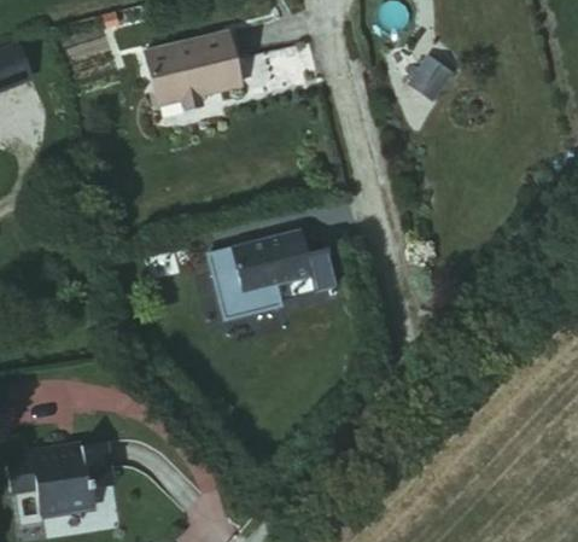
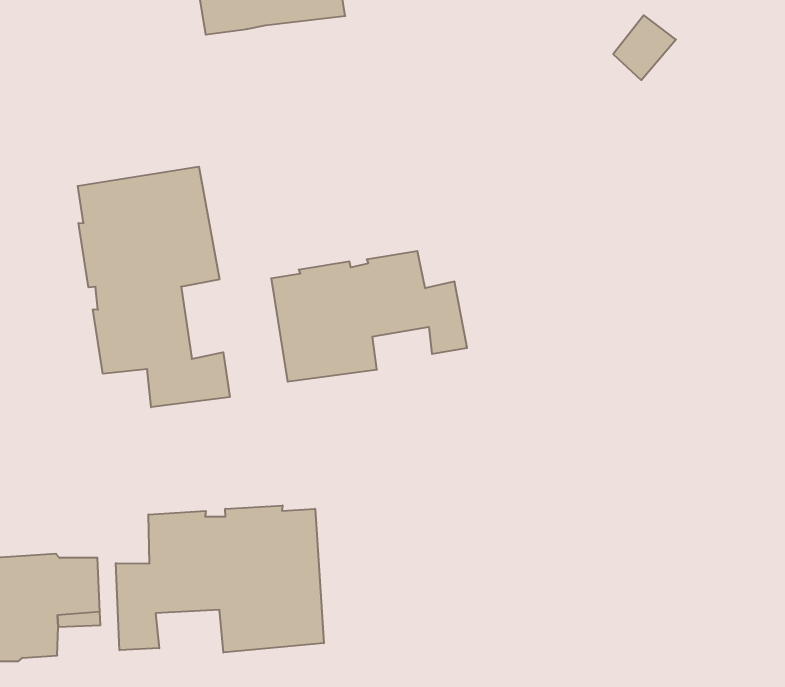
building: none -> [78,167,230,407]
building: none -> [116,505,324,653]

